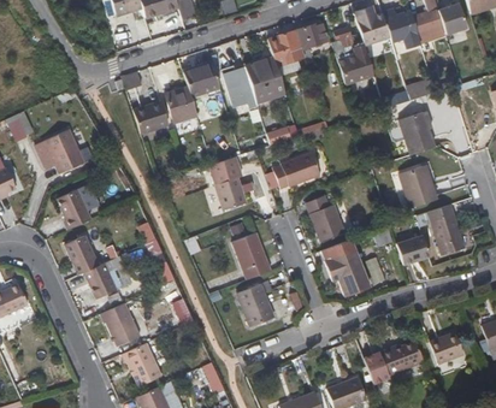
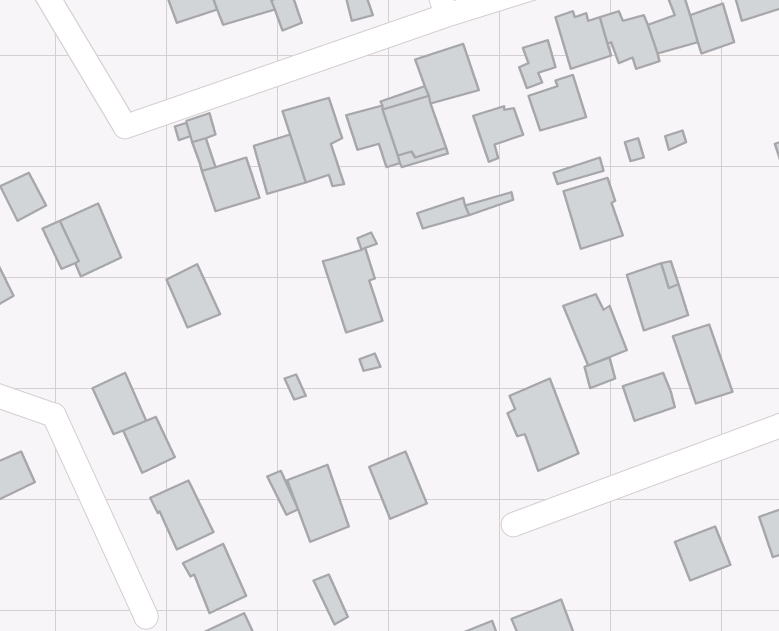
building: [296,23,327,58] -> [473,106,523,162]
building: [398,111,436,155] -> [563,178,623,249]
building: [272,153,320,189] -> none
building: [55,188,89,227] -> [166,264,220,328]
building: [305,196,344,241] -> [563,294,627,365]
building: [231,232,270,280] -> [287,465,349,542]
building: [362,339,423,383] -> none

